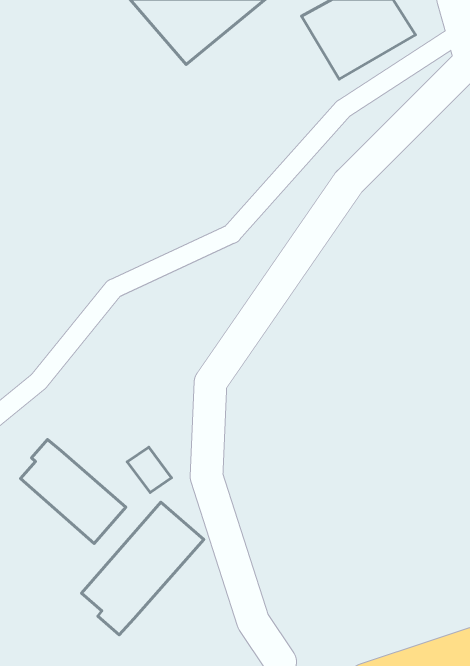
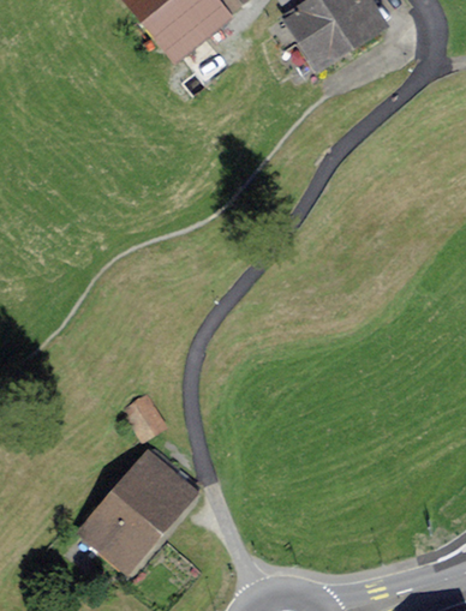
building: [20,440,126,544] -> none

